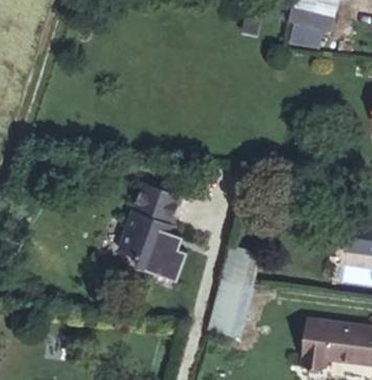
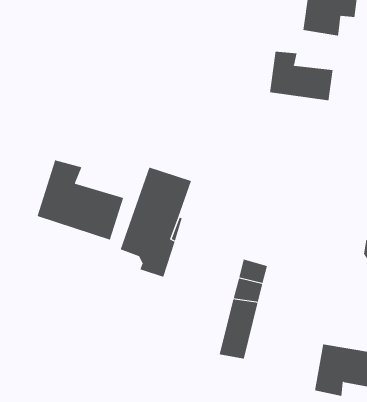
building: none -> [270,51,333,101]
building: none -> [37,159,124,240]

